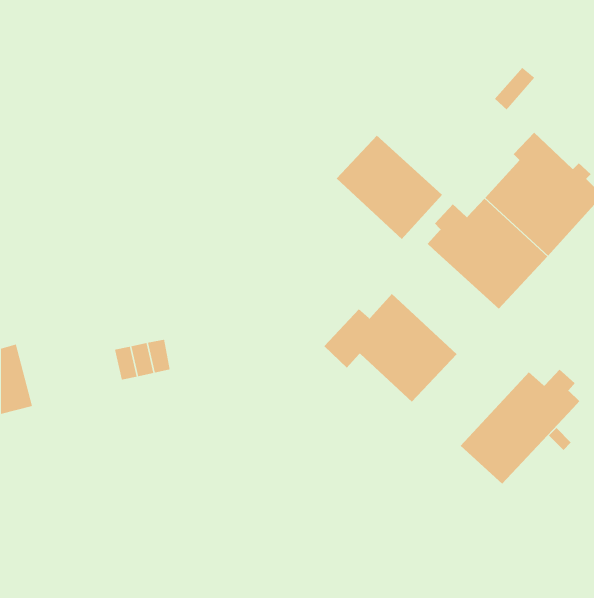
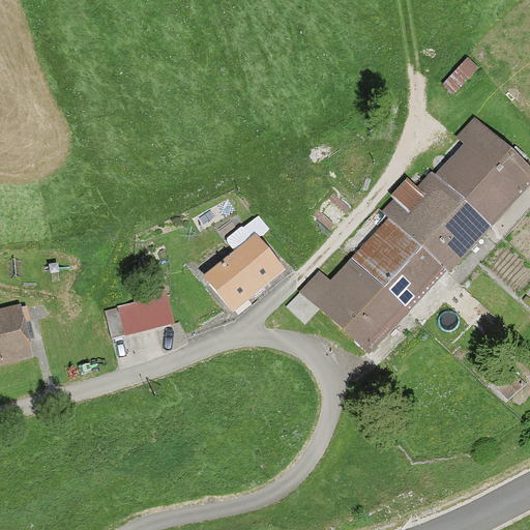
building: [336,135,443,240] -> [351,219,445,312]
building: none -> [202,222,282,310]
building: [460,369,580,485] -> none

